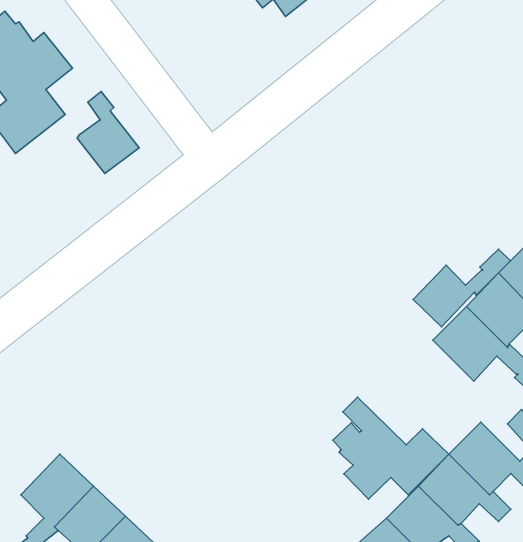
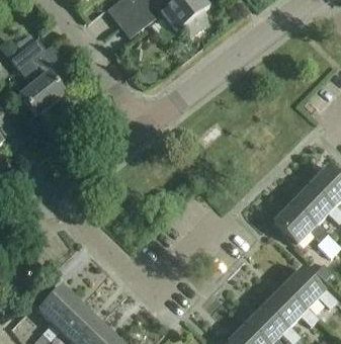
building: [77,92,139,173] -> none
building: [413,249,510,327] -> none
building: [333,397,449,499] -> none

